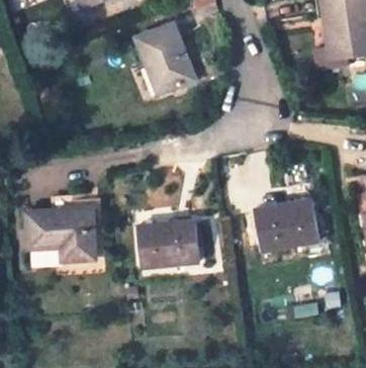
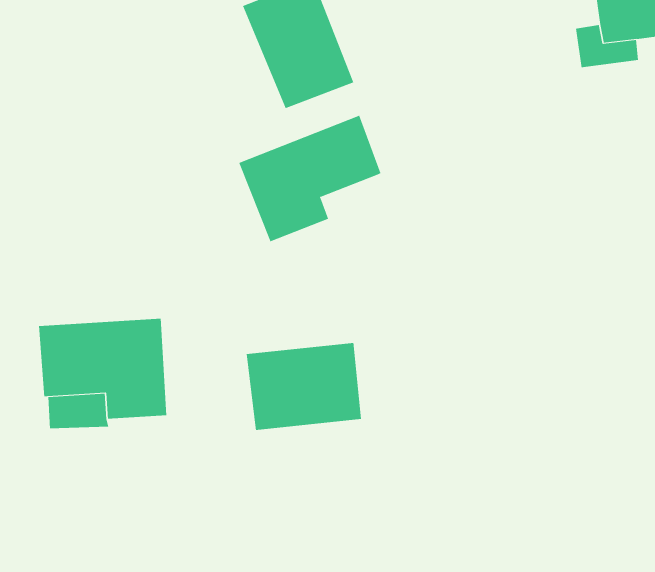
building: none -> [238,115,381,242]
building: [254,199,319,251] -> none

